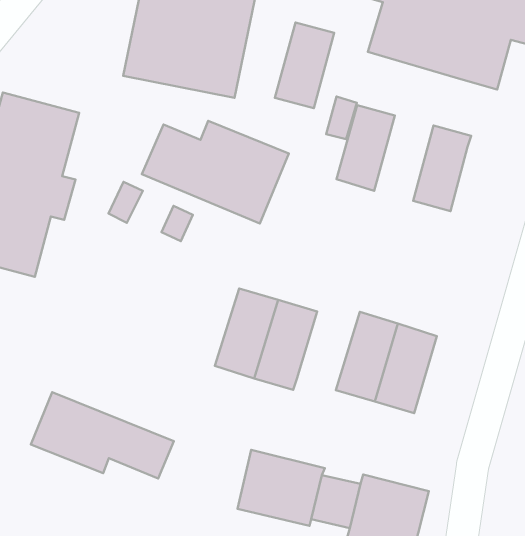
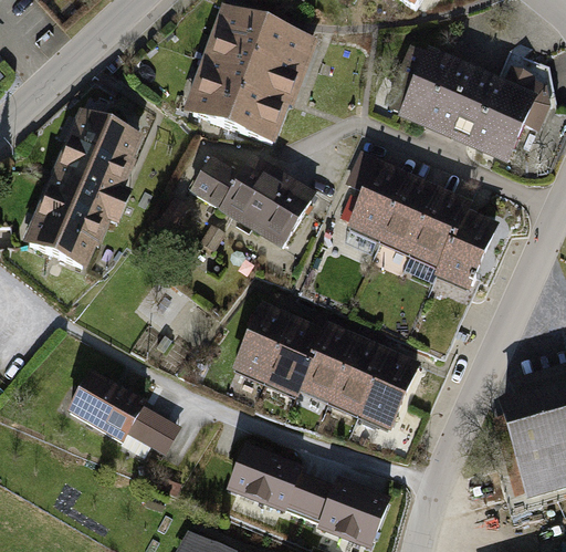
building: [275,23,334,108] -> [386,174,444,249]
building: none -> [444,209,502,284]
building: none -> [297,323,359,402]

